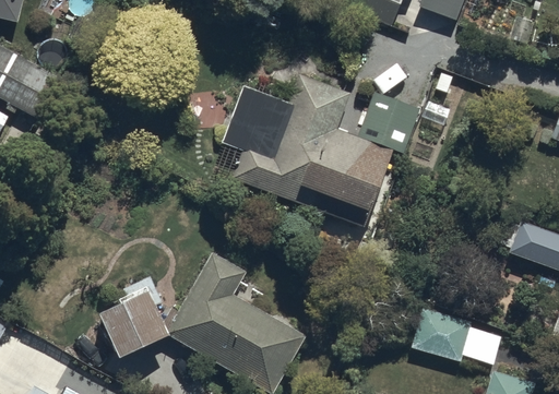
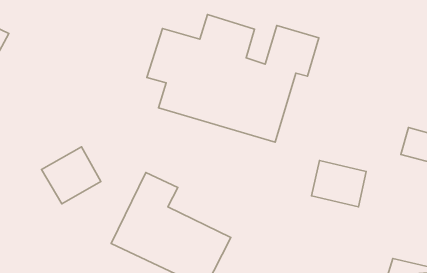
building: [98,290,166,355] -> [42,147,101,204]
building: [409,306,475,362] -> [312,161,366,207]

